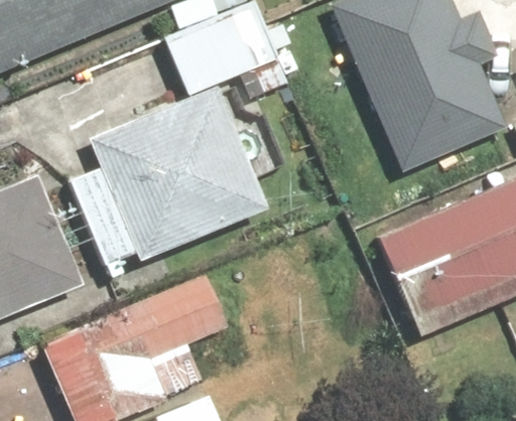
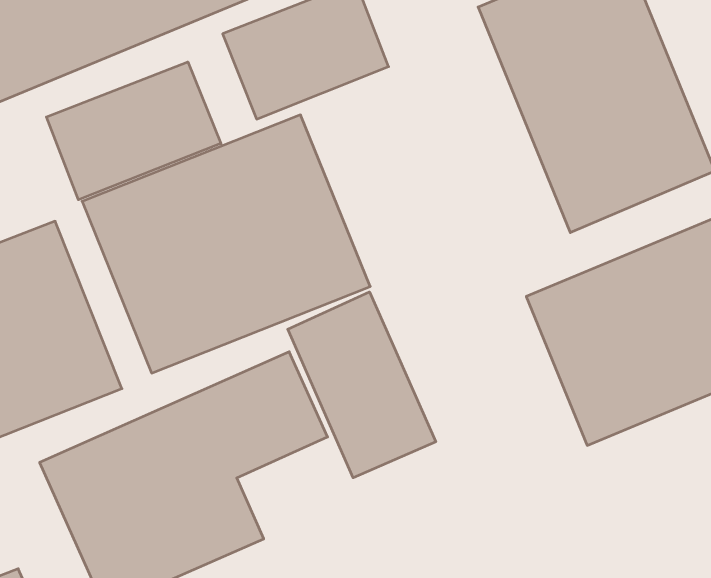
building: none -> [46,62,221,200]
building: none -> [288,292,436,478]

